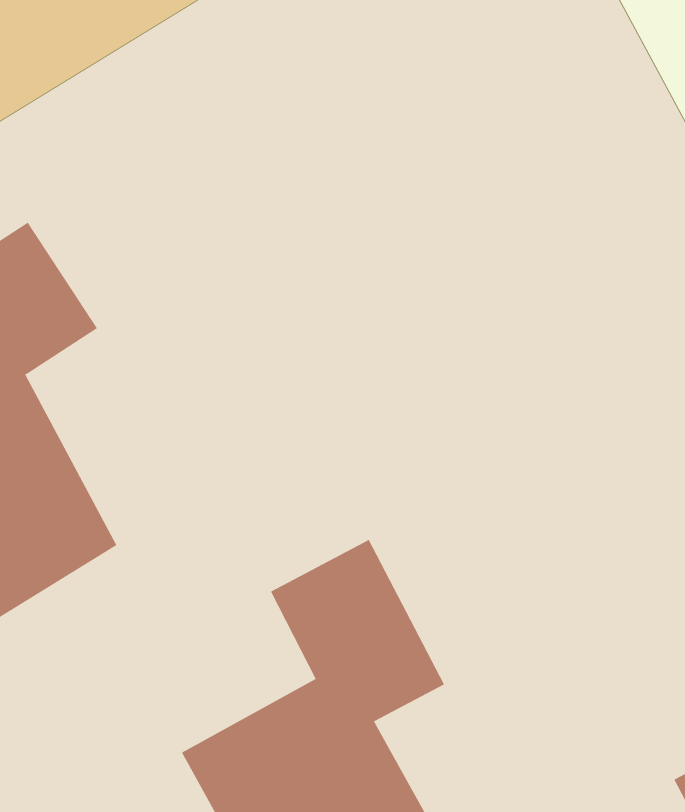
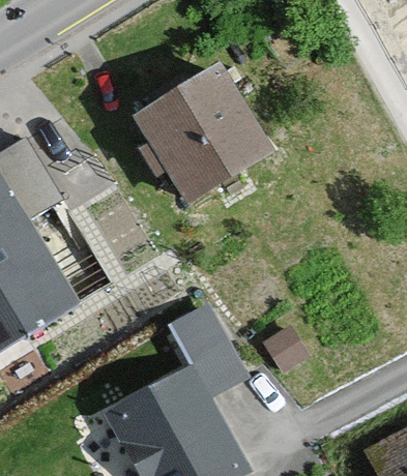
building: none -> [134,67,286,214]

